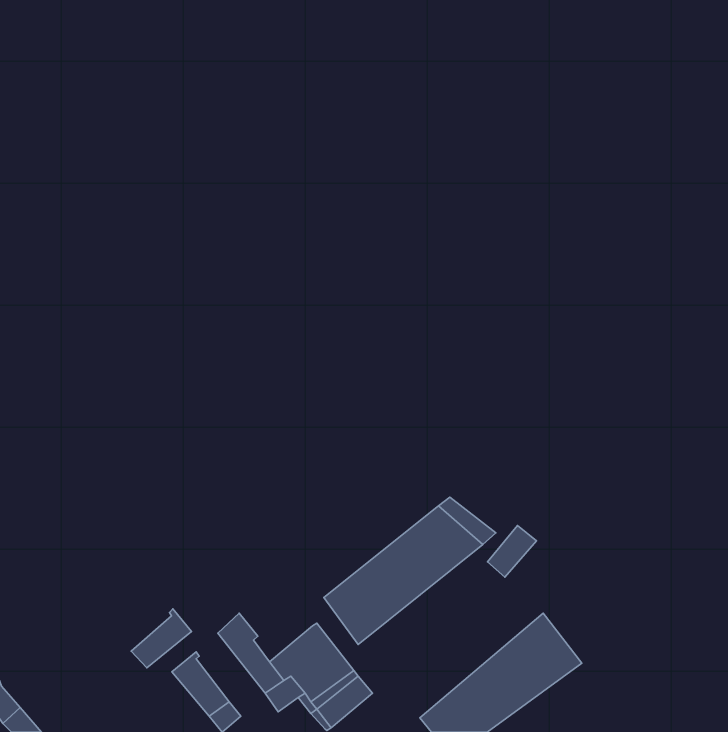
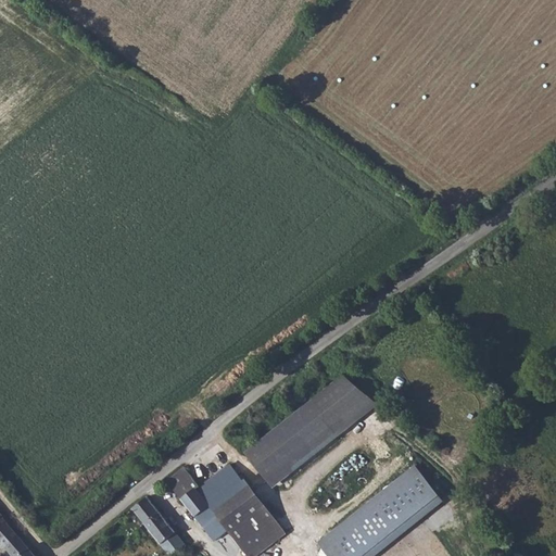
building: [487,525,537,577] -> none
building: none -> [192,458,237,502]
building: [131,609,192,668] -> none

